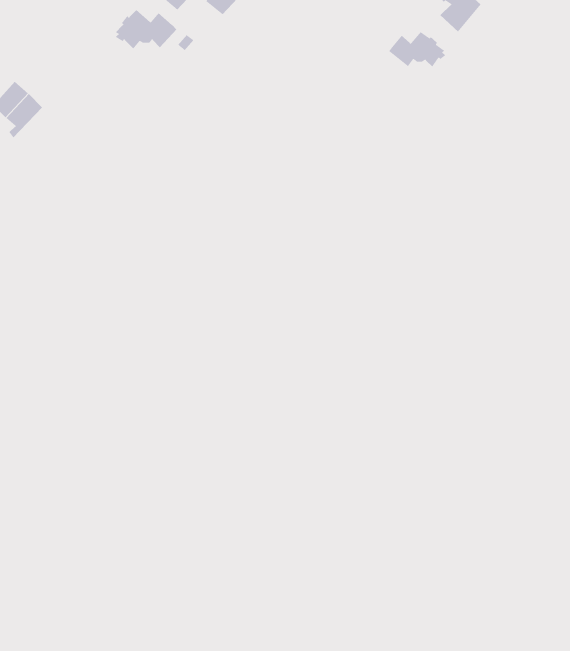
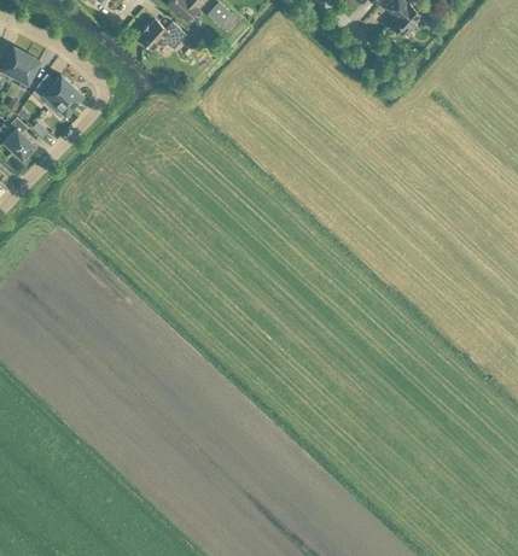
building: [388,31,447,67] -> none

